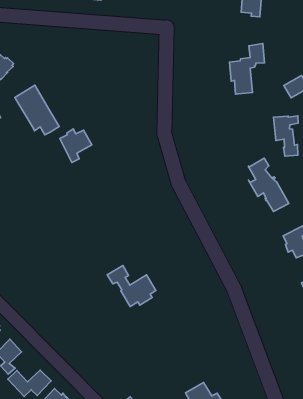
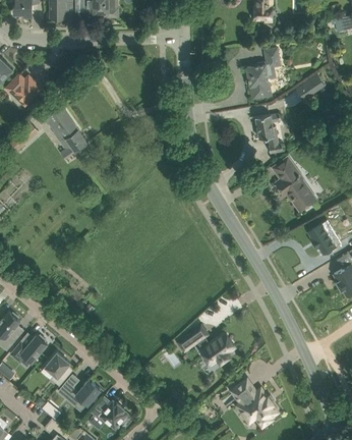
building: [273,116,298,156] -> [255,113,282,153]
building: [60,129,92,163] -> none
building: [107,266,156,306] -> [186,325,234,364]

